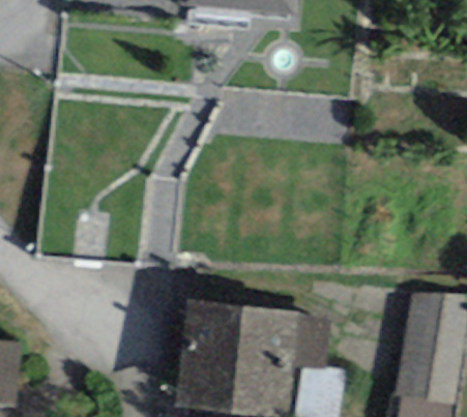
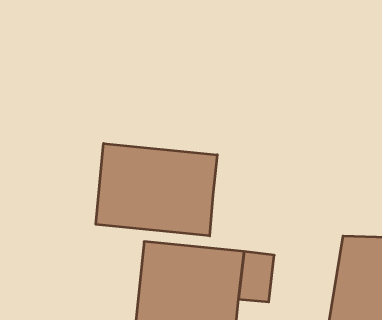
building: none -> [96,143,217,236]

